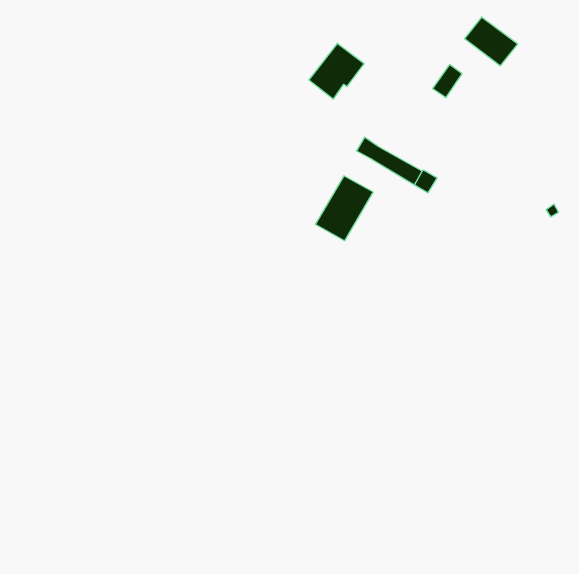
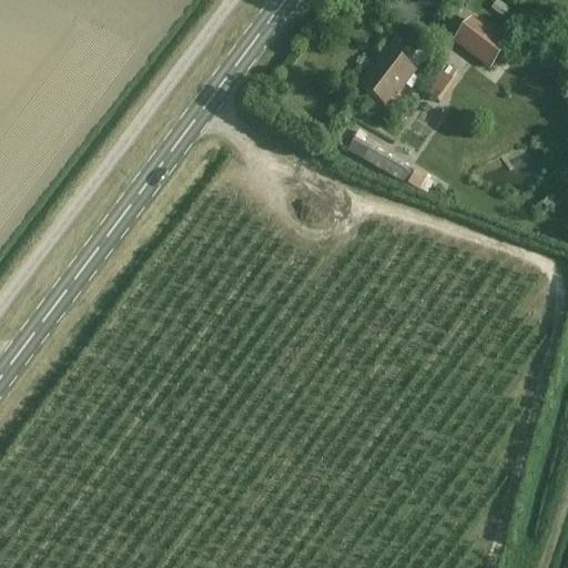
building: [309,43,364,99] -> [361,48,415,102]
building: [315,176,373,241] -> none

